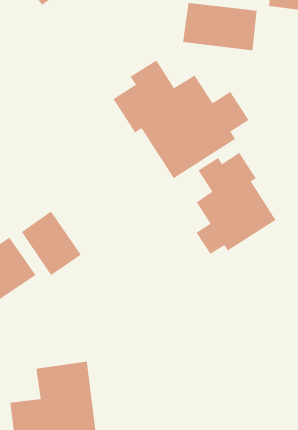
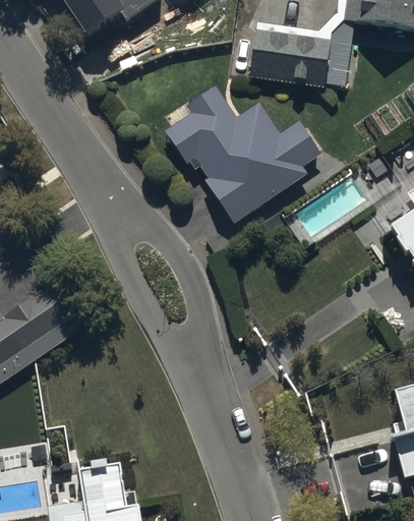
building: [195,152,276,255] -> none
building: [21,211,82,276] -> none

